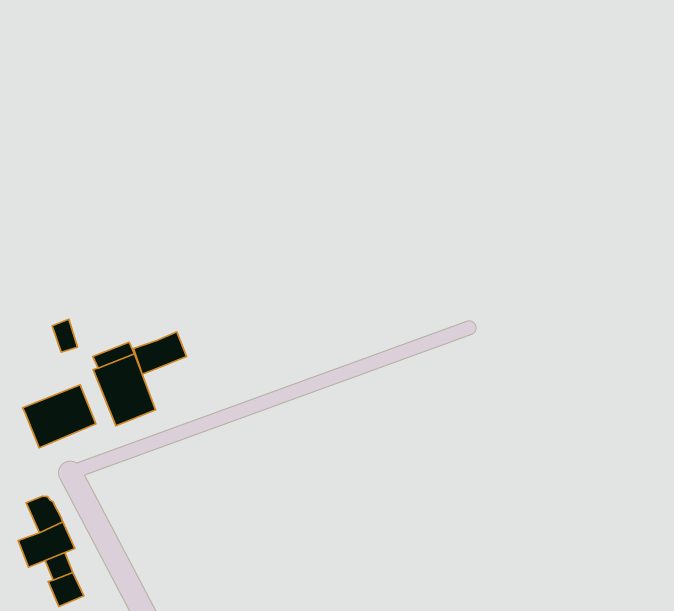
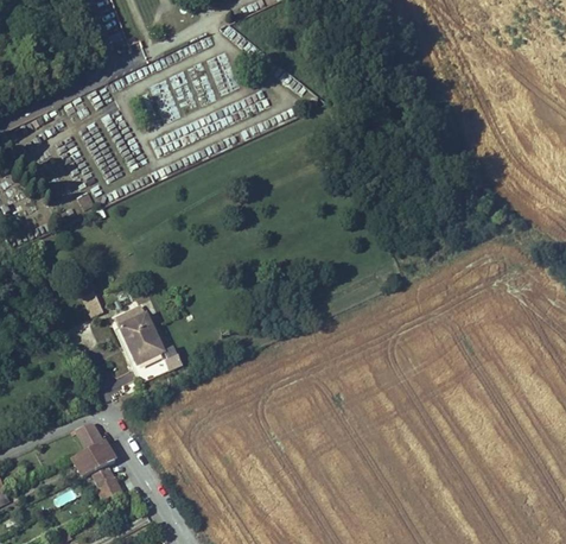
building: [133,332,187,374] -> none
building: [22,385,96,448] -> none

